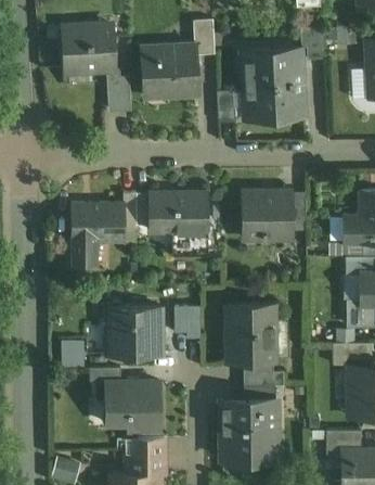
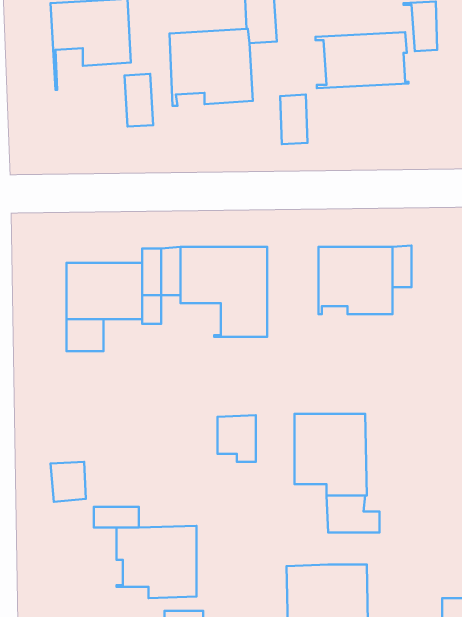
building: [241,82,303,120] -> none
building: [106,307,161,356] -> none
building: [248,386,274,408] -> none

